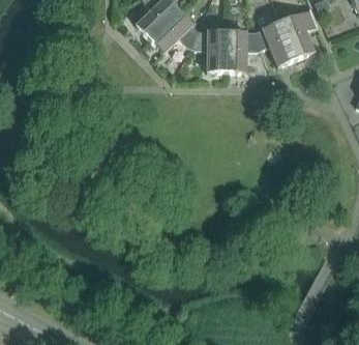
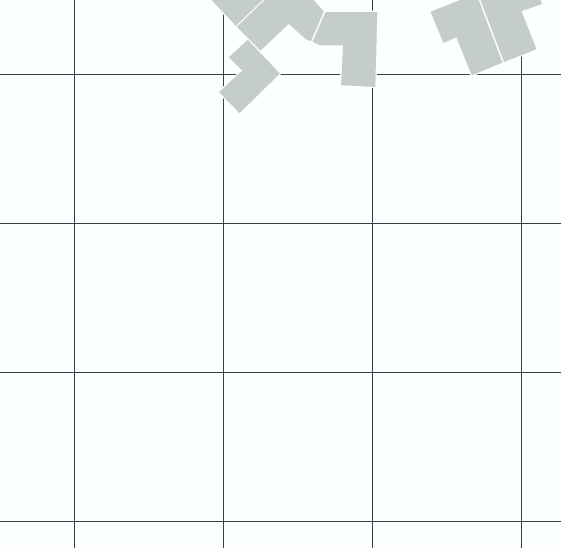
building: [227,31,263,73] -> none
building: none -> [218,39,281,114]

